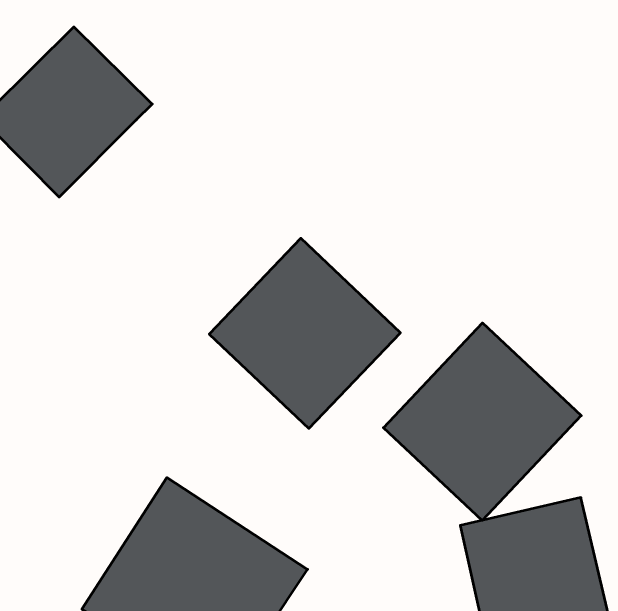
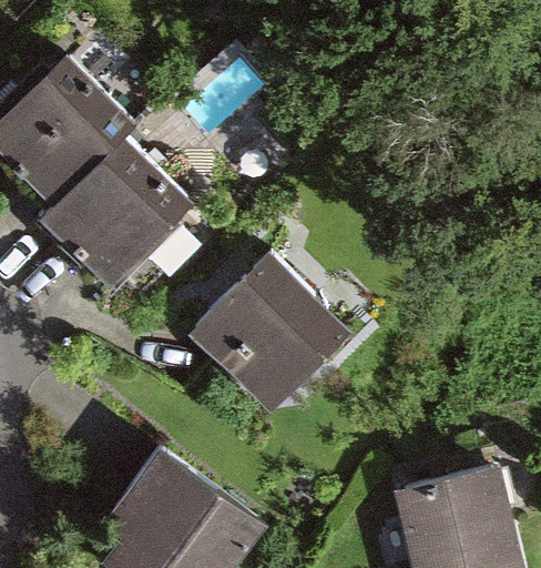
building: none -> [51,151,191,291]
building: [383,323,581,520] -> none

